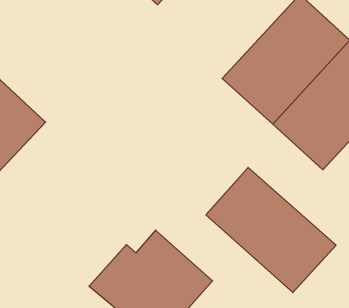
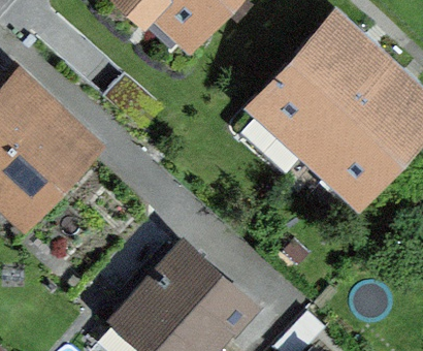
building: [206,167,336,293] -> none

